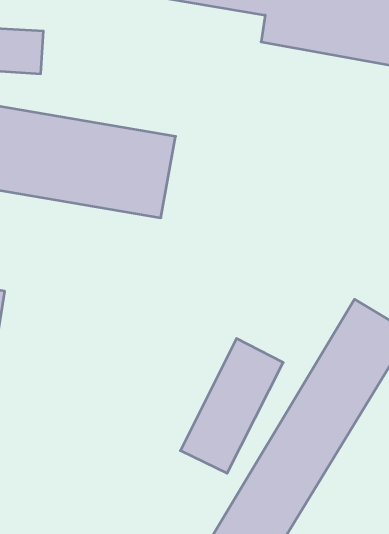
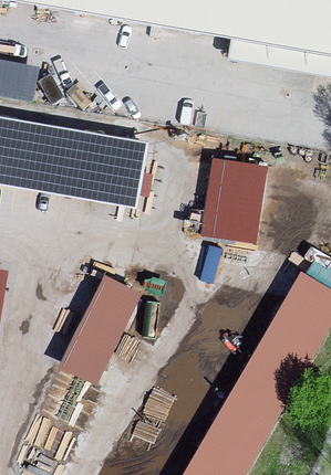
building: none -> [201,157,269,241]
building: [180,339,283,473] -> [59,274,144,386]

